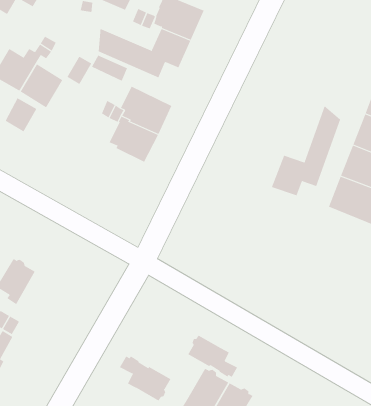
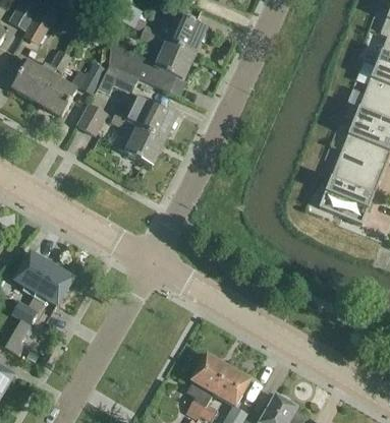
building: [5,98,37,132] -> [77,103,107,134]
building: [271,105,341,196] -> none
building: none -> [34,265,72,304]
building: [187,335,238,378] -> none
building: [119,355,171,401] -> none

